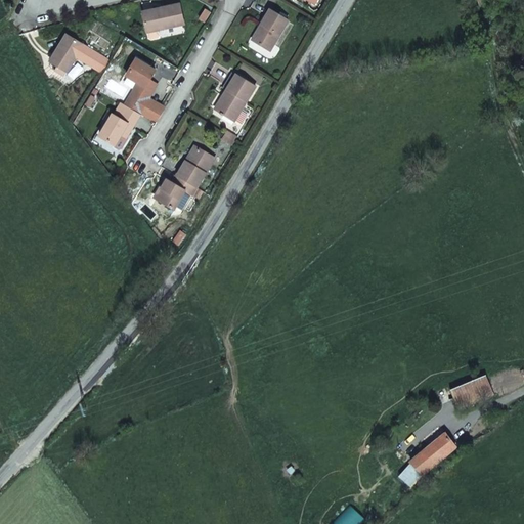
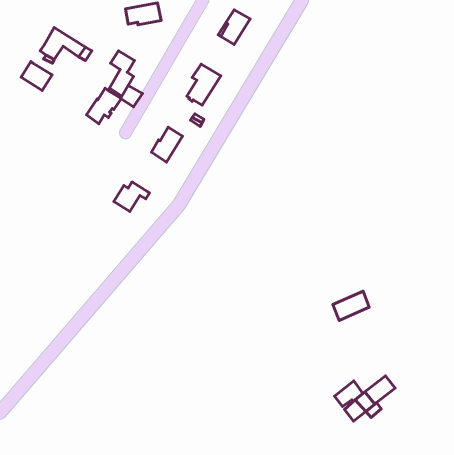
building: none -> [21,61,52,90]
building: [154,175,194,209] -> [114,182,149,211]
building: [449,375,491,408] -> [333,291,369,321]
building: none -> [334,381,363,407]

